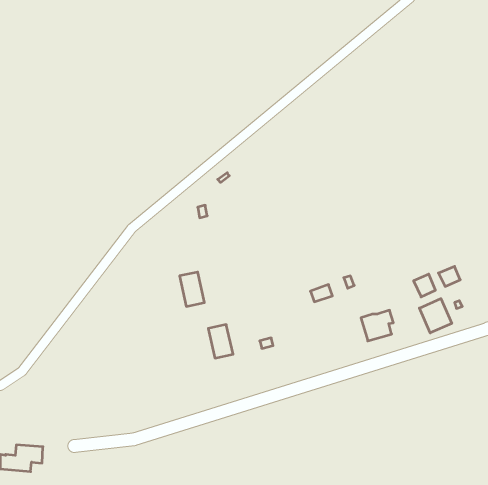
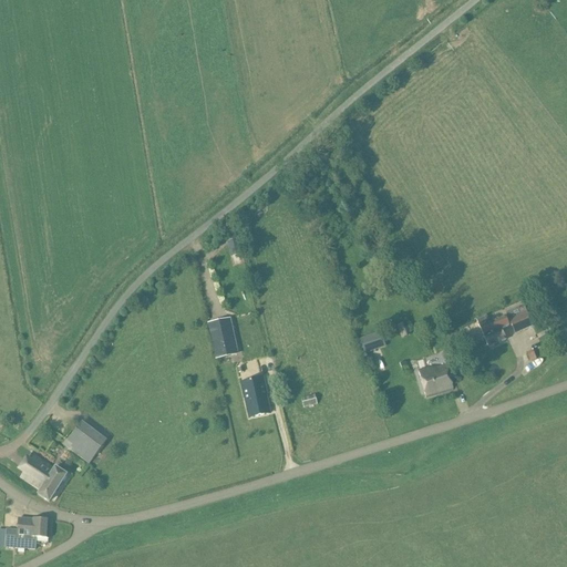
building: [419,299,452,333] -> none
building: none -> [63,419,107,462]
building: none -> [20,453,66,499]

